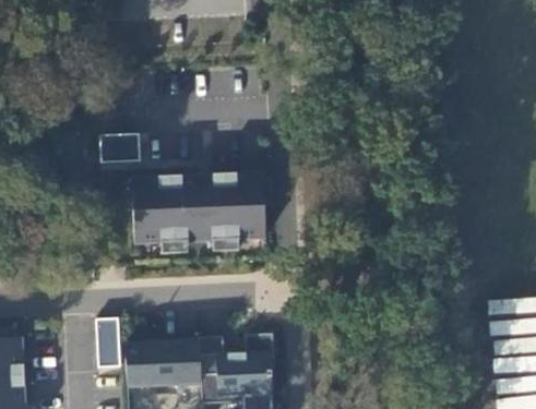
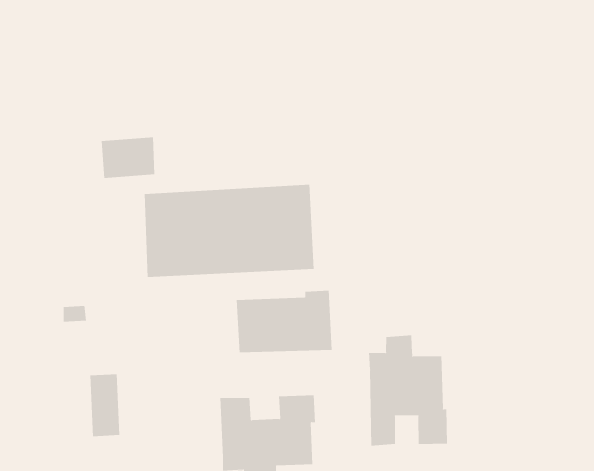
building: none -> [369,335,447,446]
building: [121,338,196,387] -> [236,290,332,353]

